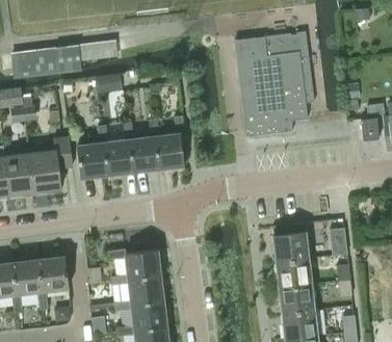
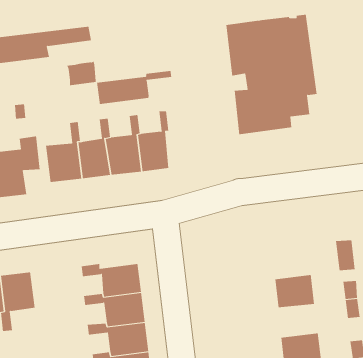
building: none -> [96,70,172,105]
building: [273,233,309,263] -> none
building: [280,285,315,314] -> none

